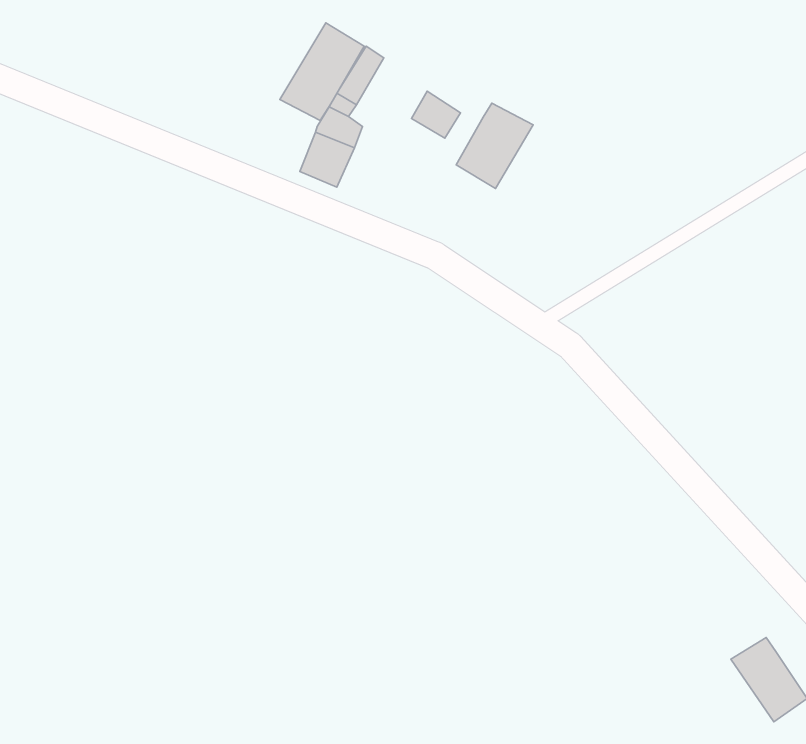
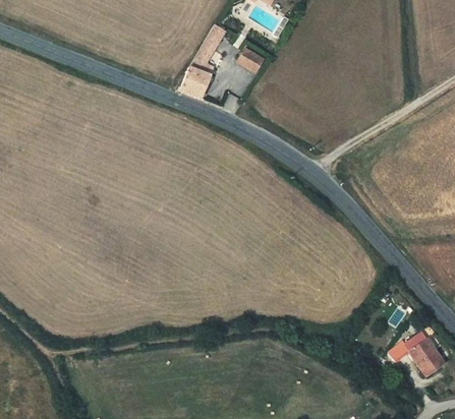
building: [280,23,364,121] -> none
building: [456,103,533,189] -> none

